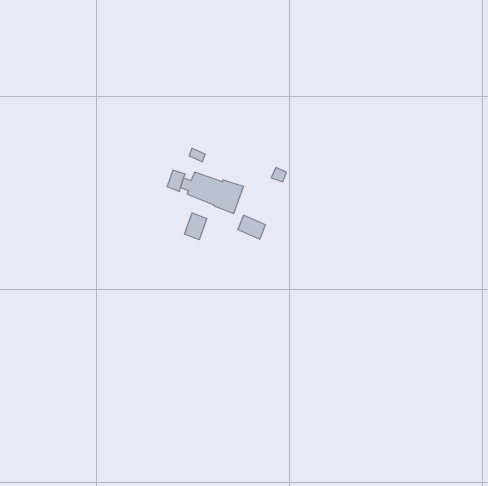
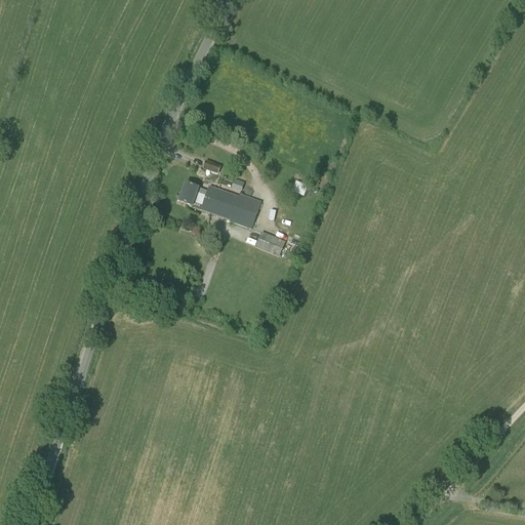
building: [184,213,207,240] -> none

